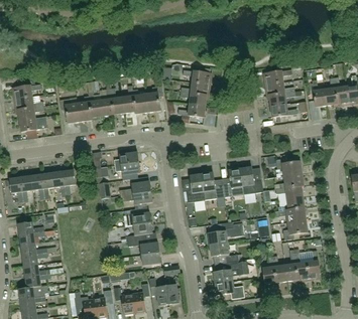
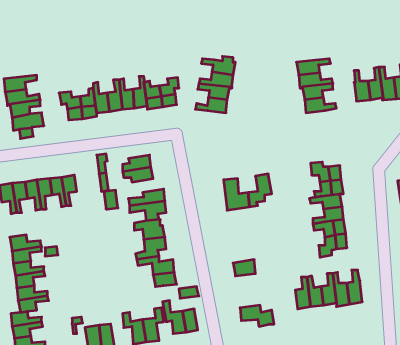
building: [240,166,264,194] -> none
building: [187,173,205,201] -> none
building: [209,221,244,245] -> none
building: [214,262,247,283] -> none

